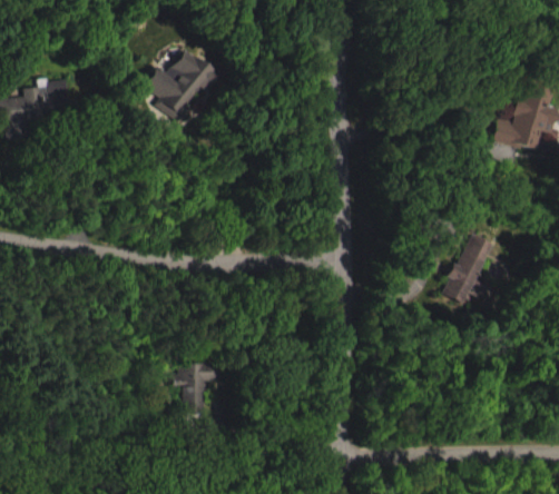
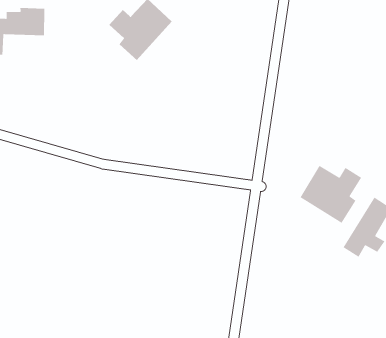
building: none -> [299,165,362,224]
building: [174,363,217,413] -> none

